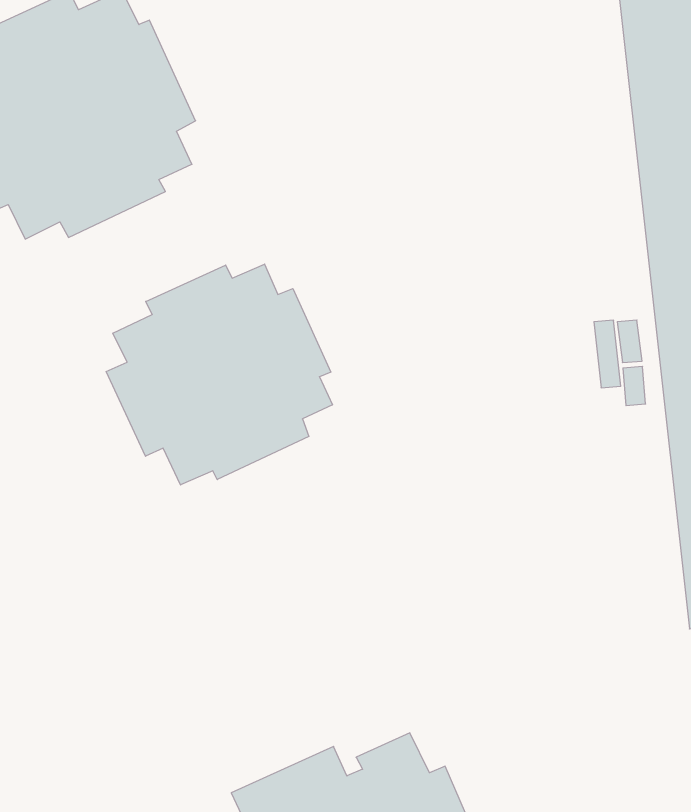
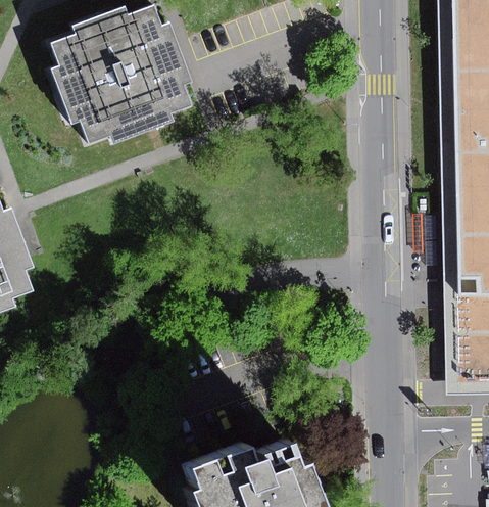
building: [106,264,332,485] -> none

